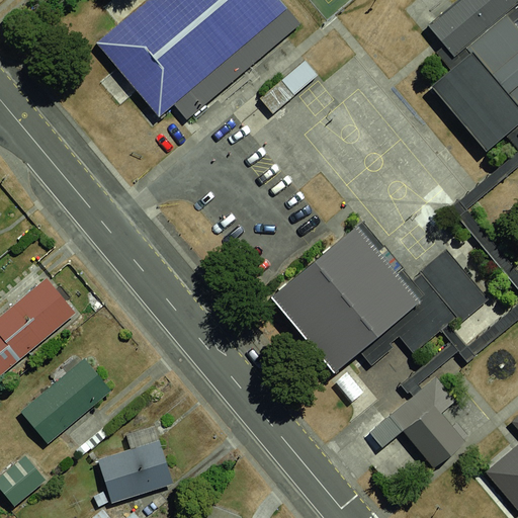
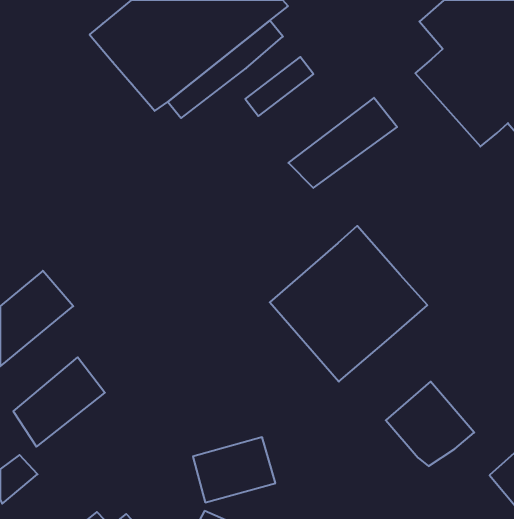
building: none -> [288,98,397,188]
building: [393,245,482,352] -> none
building: [95,439,177,504] -> [193,437,275,502]

